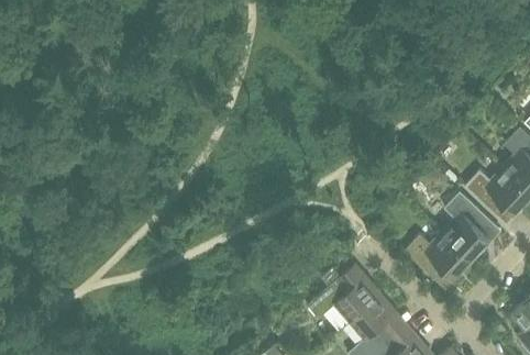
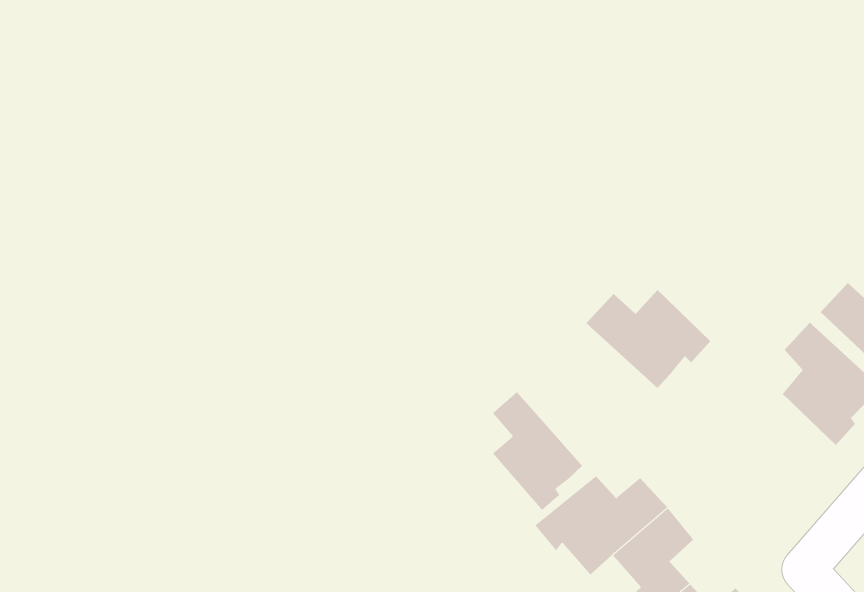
building: none -> [492,391,583,511]
building: [404,232,473,287] -> [586,289,711,389]

